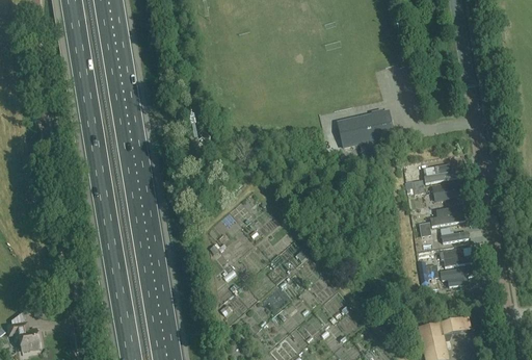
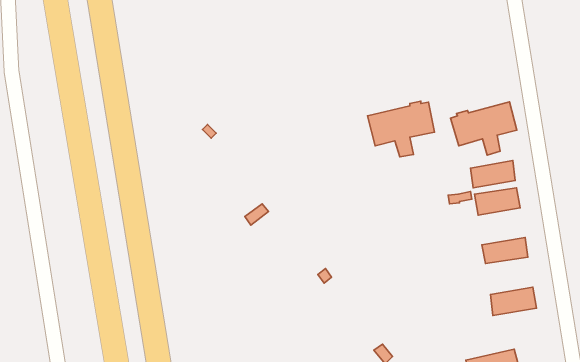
building: none -> [451,102,517,155]
building: [429,203,468,226] -> none
building: [435,245,475,267] -> none

